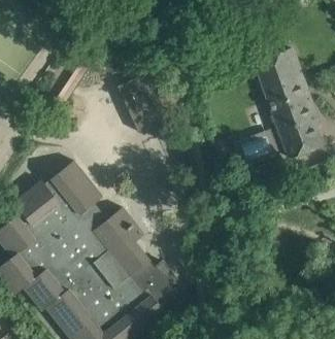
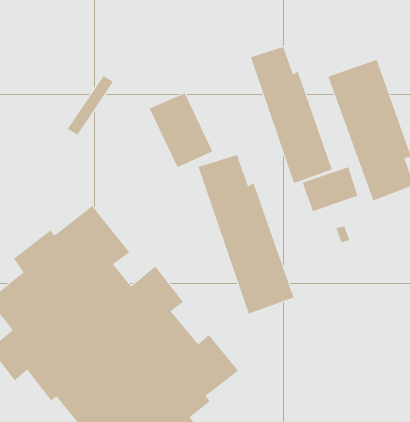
building: none -> [250,46,332,184]
building: none -> [198,154,294,314]

